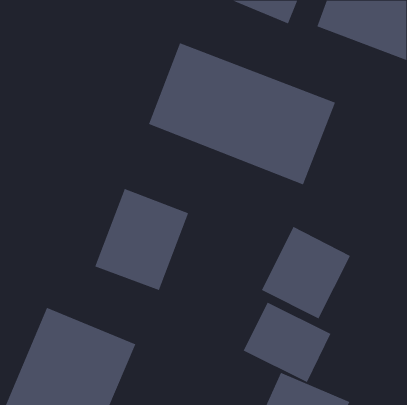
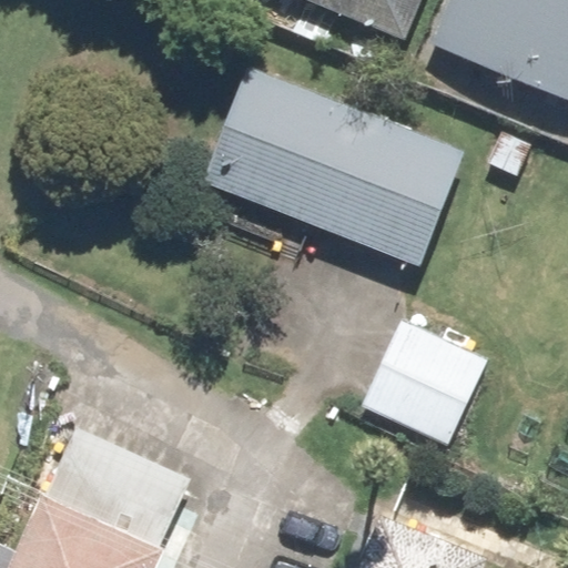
building: [94,188,189,291] -> none
building: [243,302,331,383] -> none

